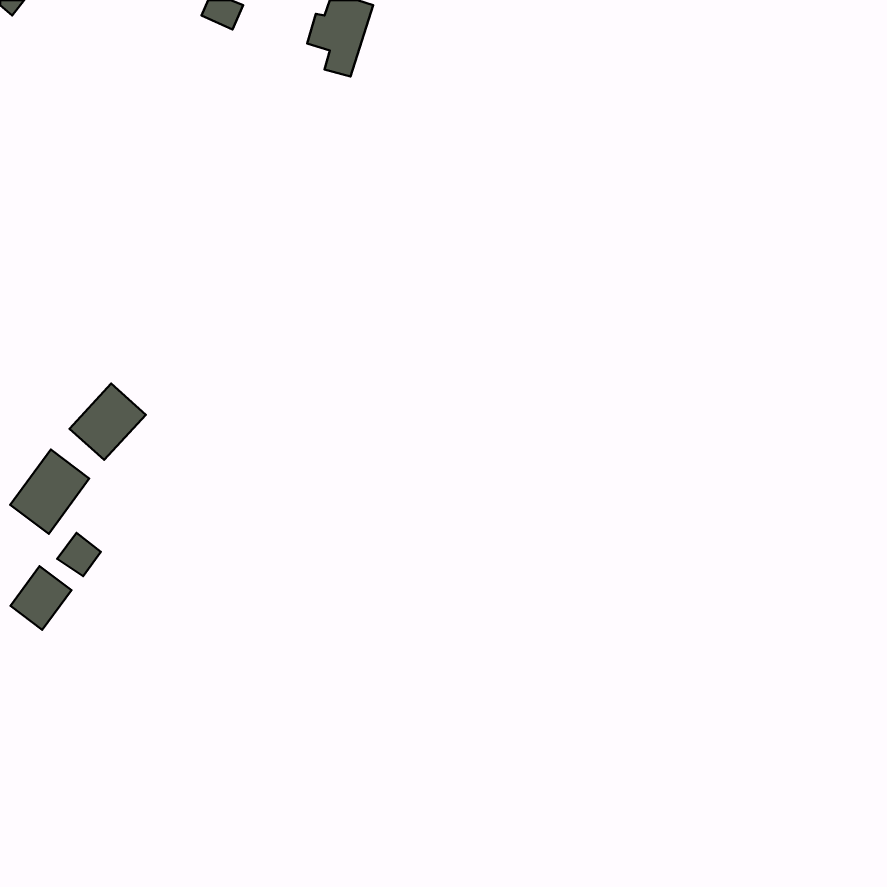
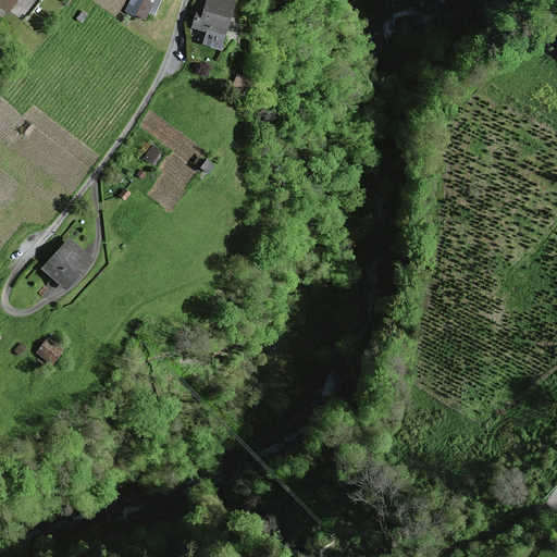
building: [10,450,89,534] -> none
building: [10,566,71,630] -> none

